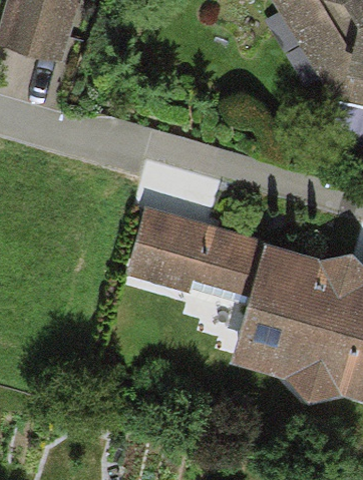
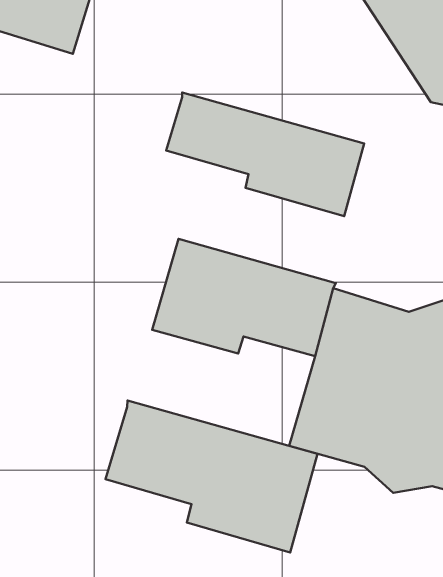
building: none -> [166,92,364,216]
building: none -> [106,400,317,552]

